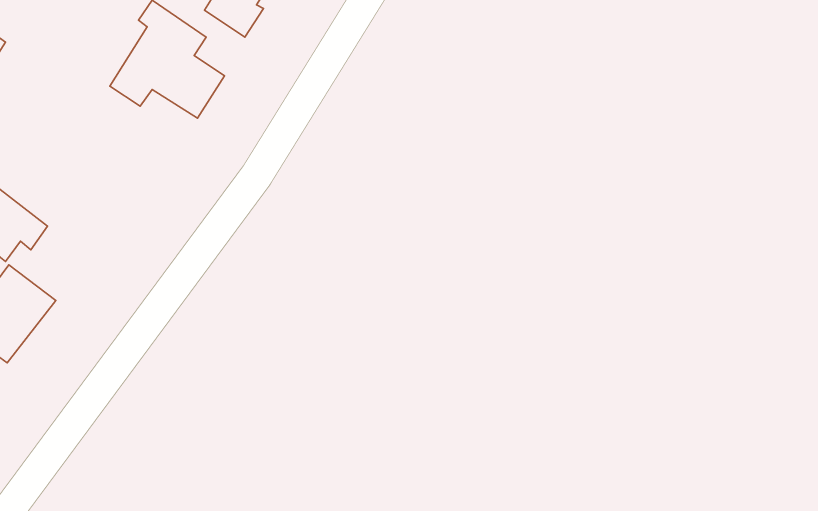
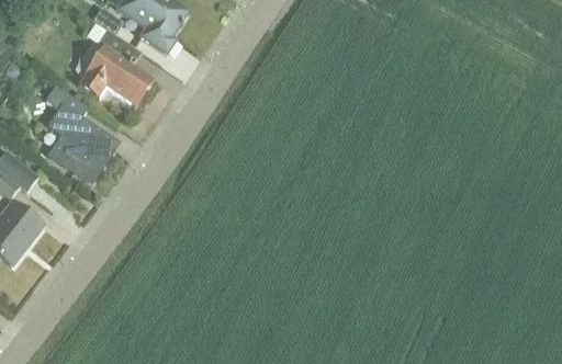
building: none -> [45,86,114,181]

